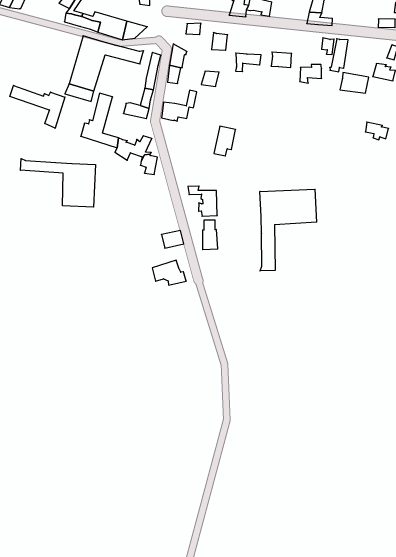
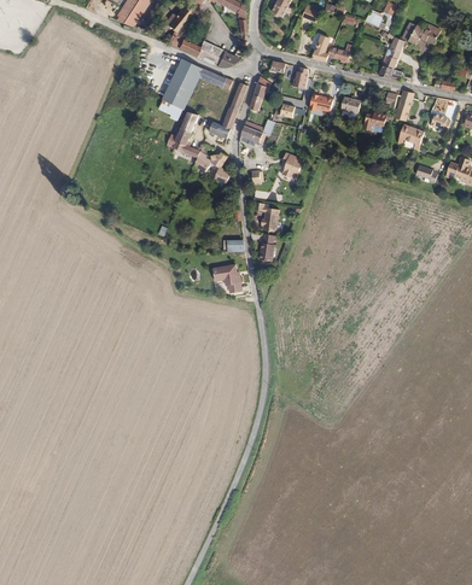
building: [10,85,65,128] -> none
building: [20,159,95,207] -> none
building: [260,189,317,271] -> none

